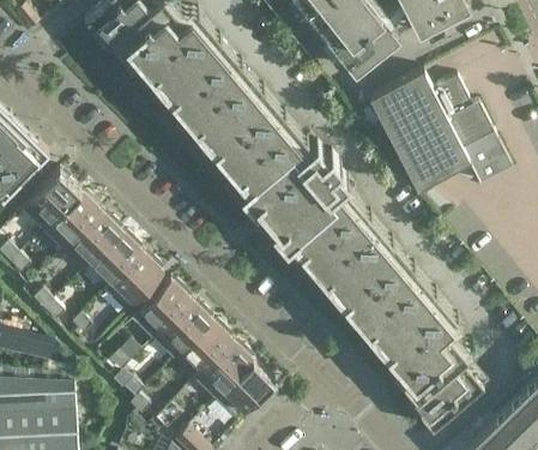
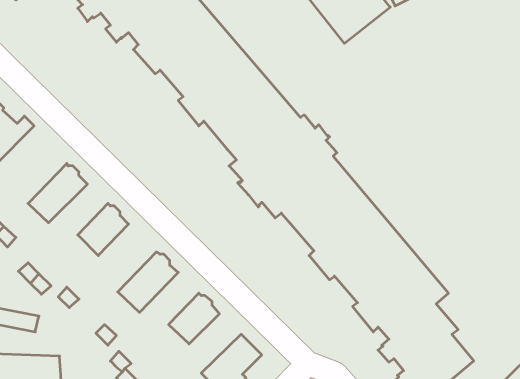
building: [369,71,513,191] -> none
building: [20,172,80,233] -> none
building: [62,214,121,272] -> none
building: [103,253,163,313] -> none
building: [152,301,211,361] -> none
building: [193,342,253,401] -> none

